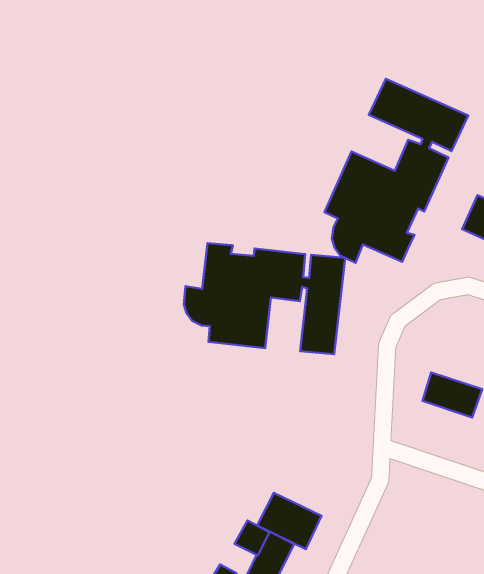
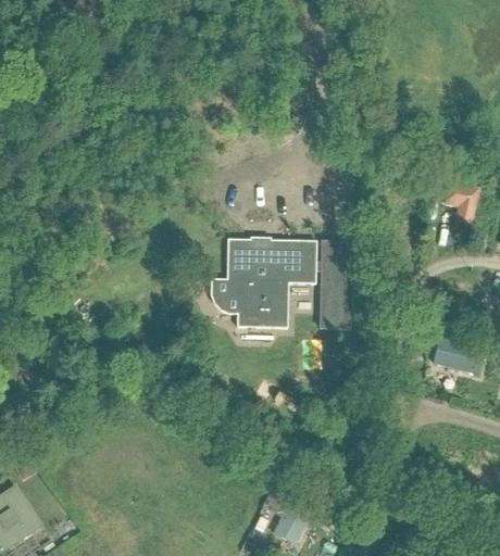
building: [325,79,468,263] -> none
building: [257,493,322,549] -> none

